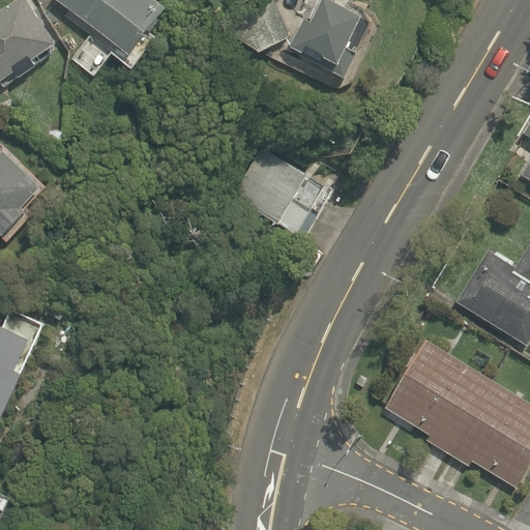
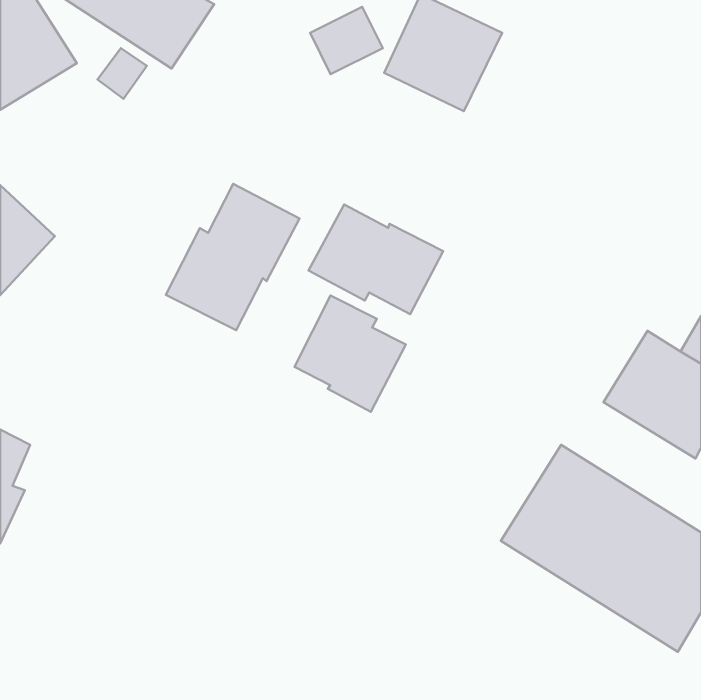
building: none -> [166,184,300,330]
building: none -> [294,296,406,412]

